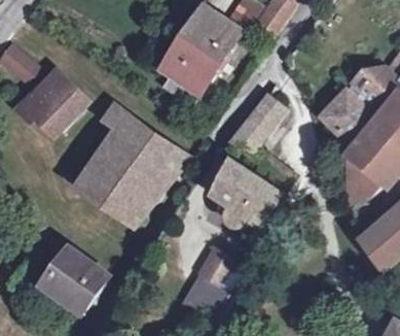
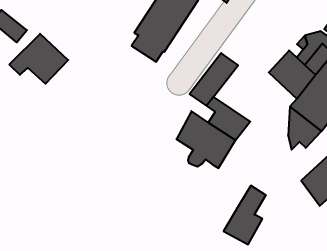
building: [78,102,189,224] -> none
building: [43,249,105,312] -> none
building: [182,249,231,318] -> [224,186,266,244]

